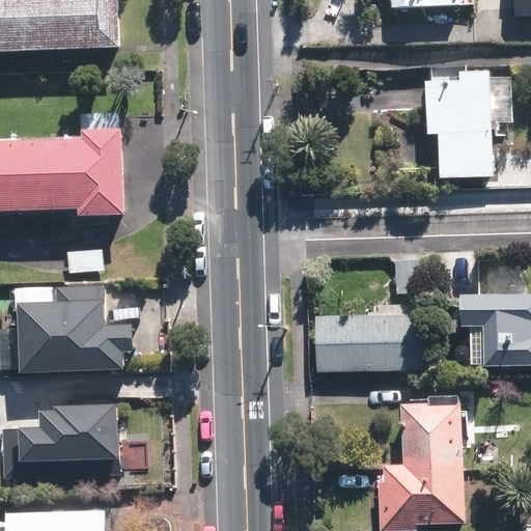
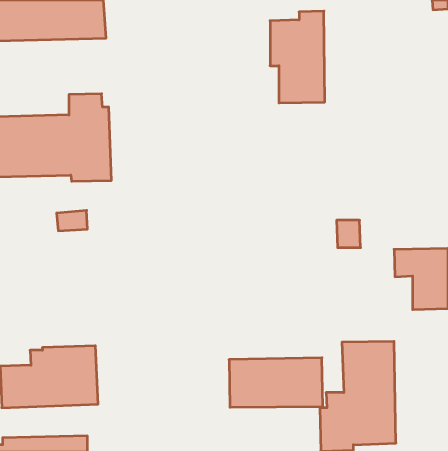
building: [427,64,492,172] -> [270,11,325,103]
building: [13,286,128,373] -> none
building: [315,311,425,369] -> [229,358,323,407]

